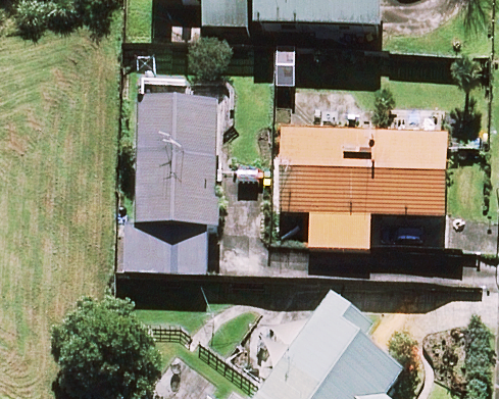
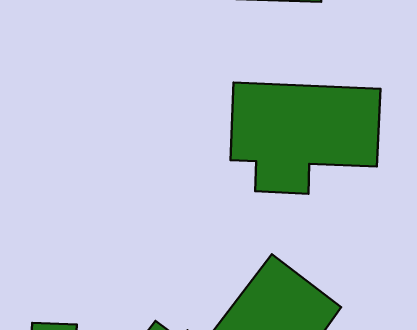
building: [118,101,217,269] -> none

